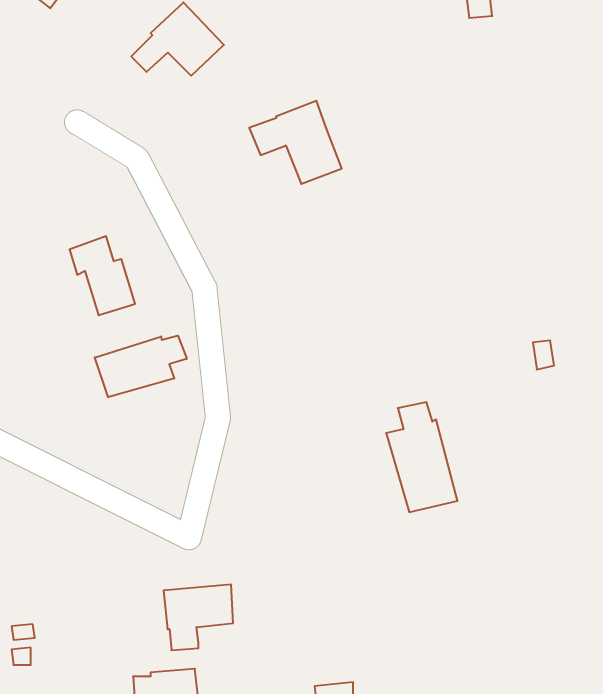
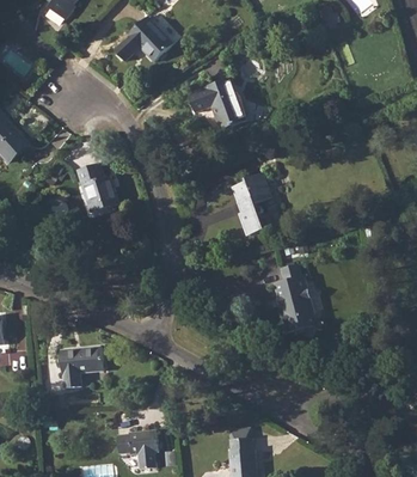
building: none -> [232,172,272,236]
building: [95,336,187,397] -> none
building: [164,585,233,650] -> [60,347,103,387]

